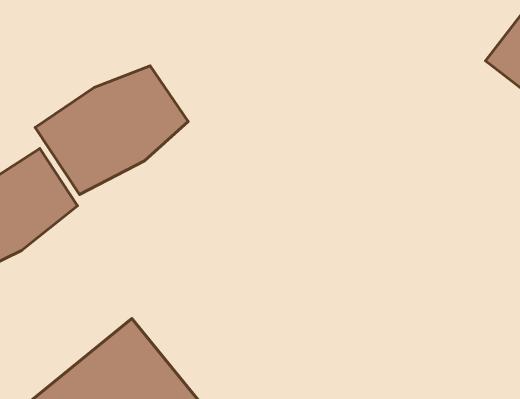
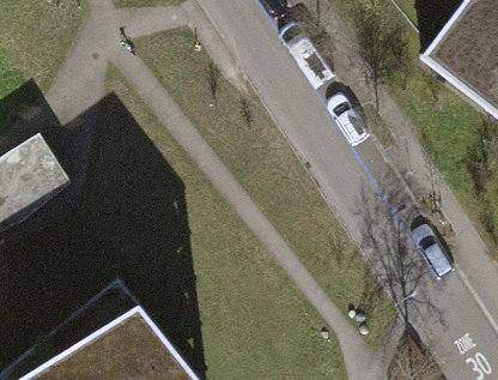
building: [35,66,188,195] -> none

